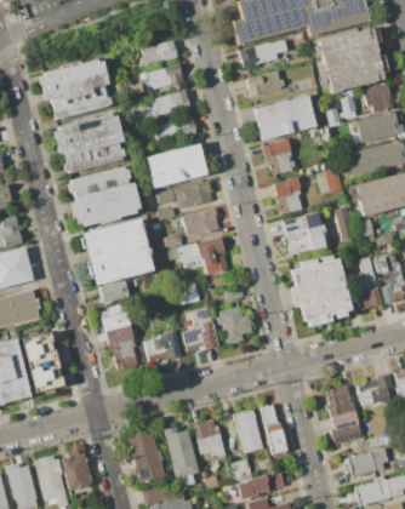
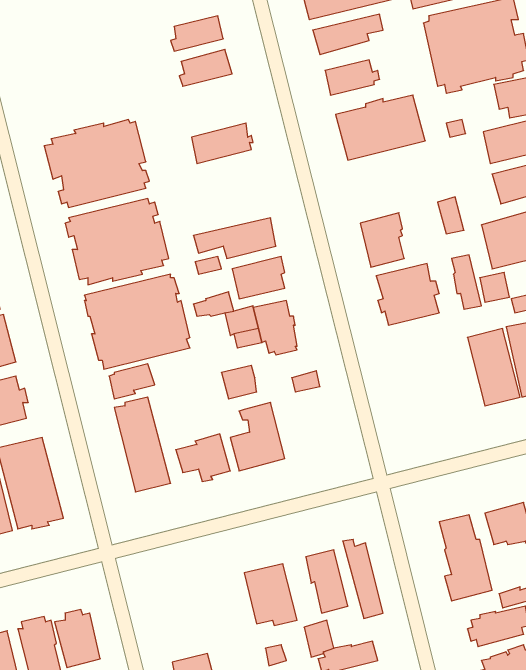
building: [39,59,114,120] -> none
building: [154,90,190,115] -> none
building: [263,139,296,176] -> none
building: [147,143,207,188] -> none
building: [291,254,350,327] -> none
building: [217,307,252,343] -> none
building: [165,427,199,487] -> none
building: [130,431,165,484] -> none

